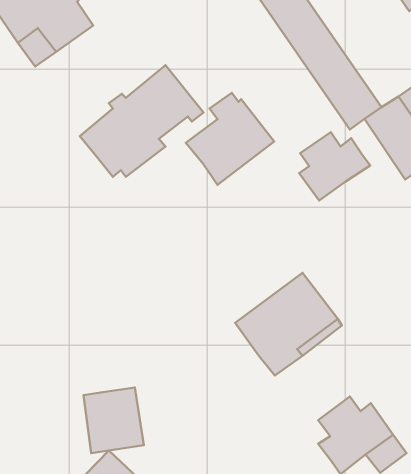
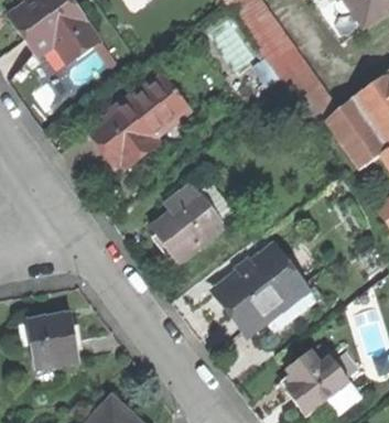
building: [186,93,274,185] -> [151,186,225,263]
building: [299,132,370,201] -> none
building: [83,387,144,453] -> [26,312,77,367]

